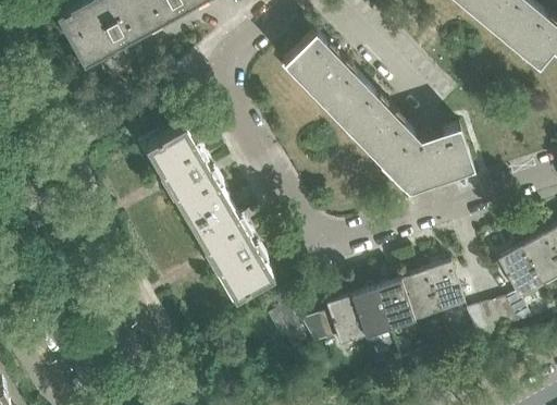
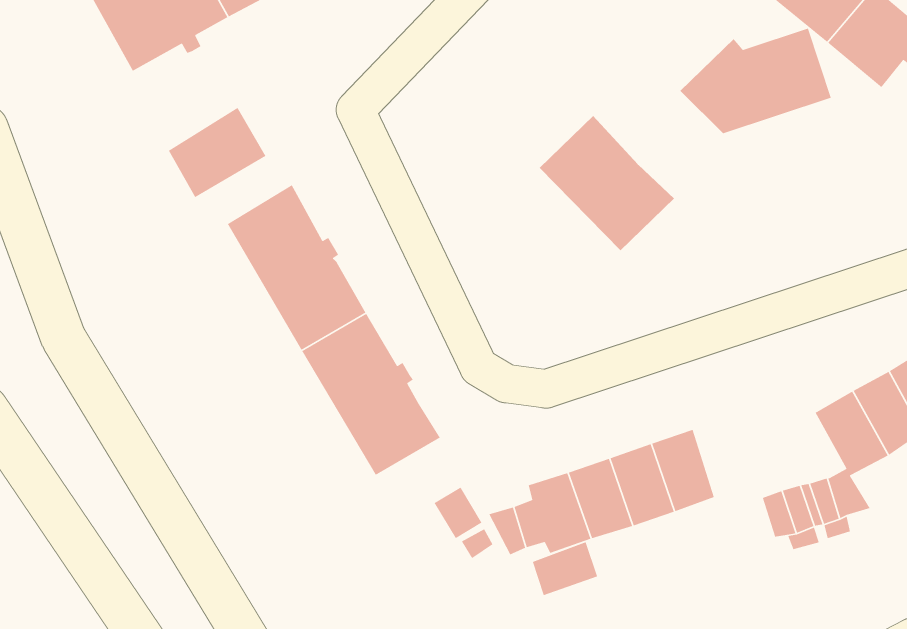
building: [282,33,364,115] -> none
building: none -> [168,107,266,198]
building: [381,127,472,192] -> [680,27,832,134]
building: [424,263,465,314] -> none
building: none -> [532,541,598,596]

